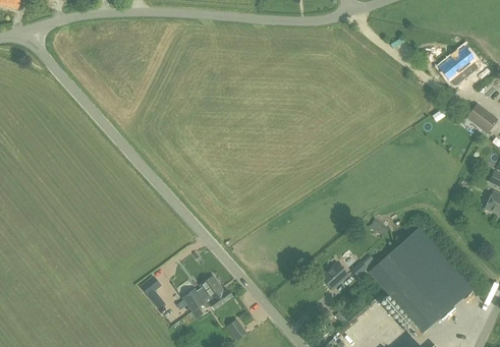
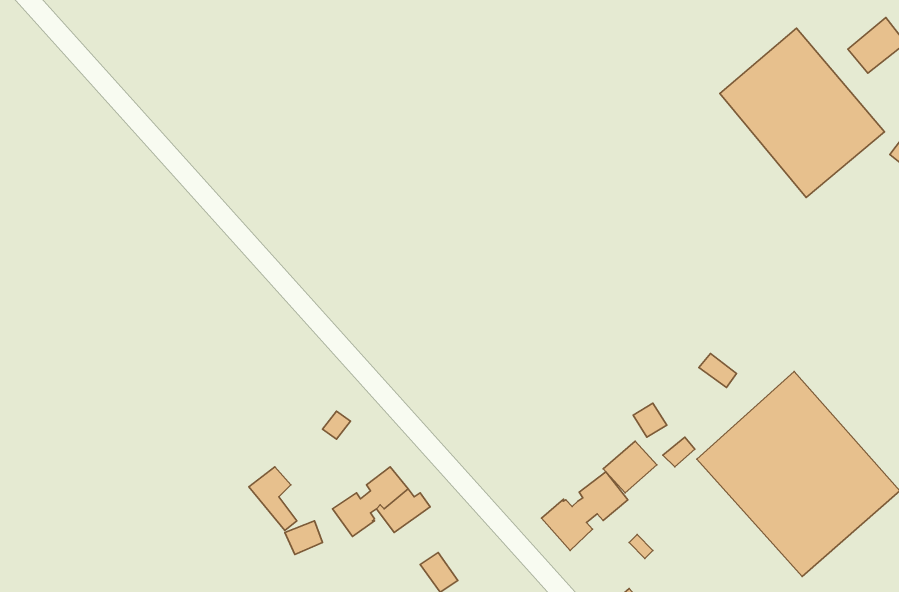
building: none -> [720,28,885,197]
building: none -> [542,472,628,550]

